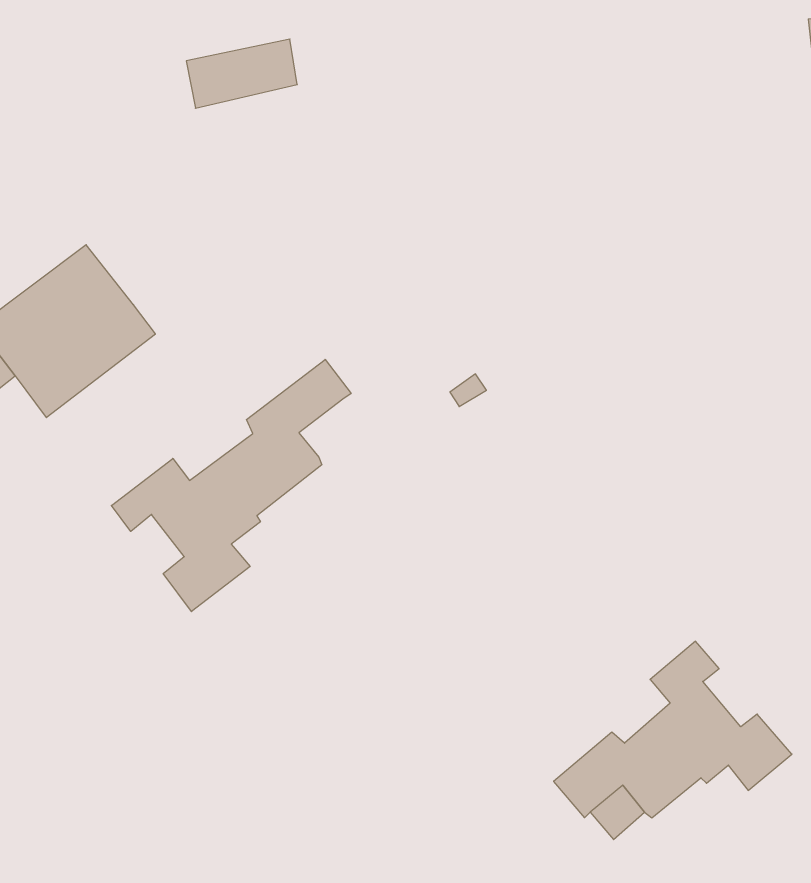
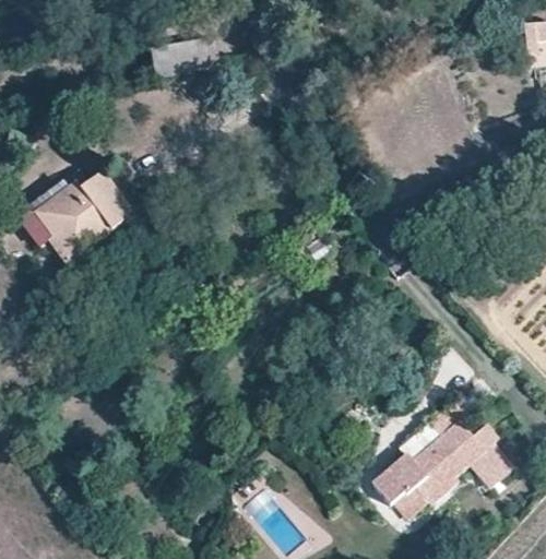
building: [111,359,351,612] -> none

